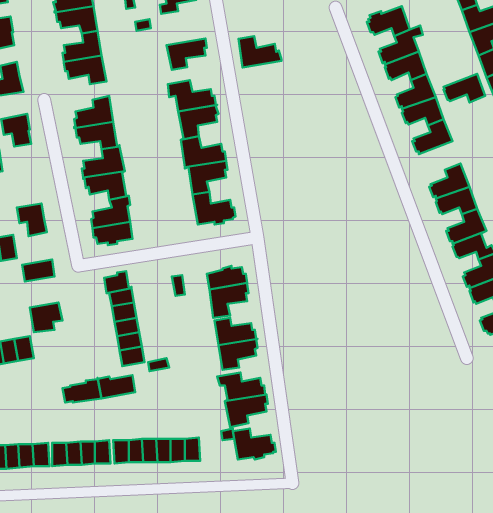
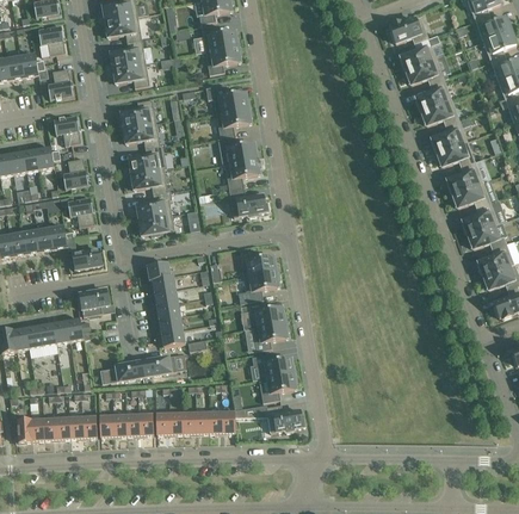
building: [238,36,281,67] -> [202,21,241,50]
building: [443,74,485,102] -> [437,138,475,165]
building: none -> [63,156,88,186]

